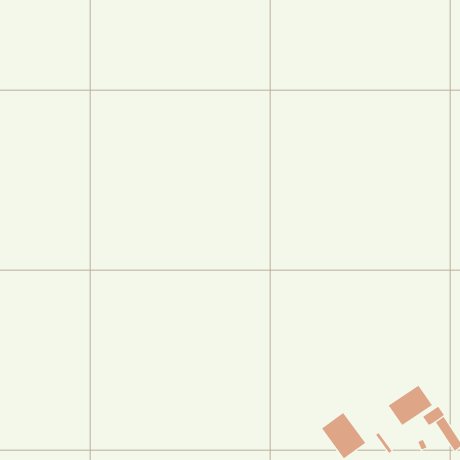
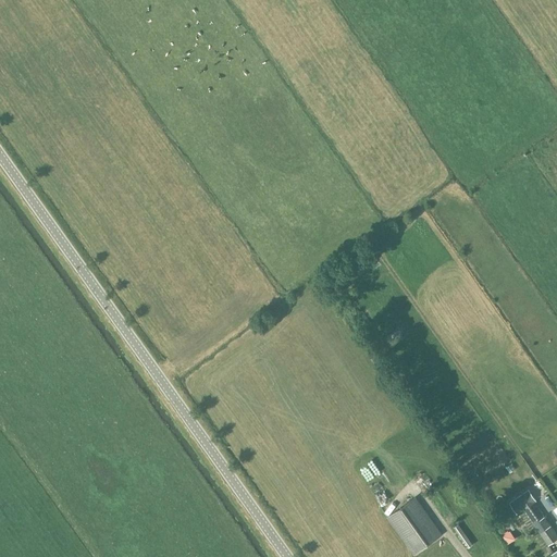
building: [388,385,433,426] -> none

